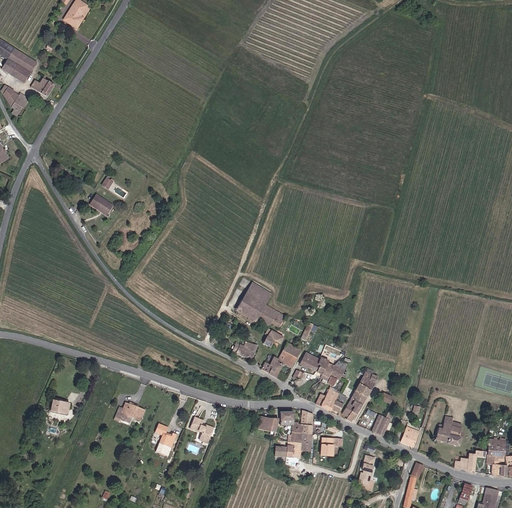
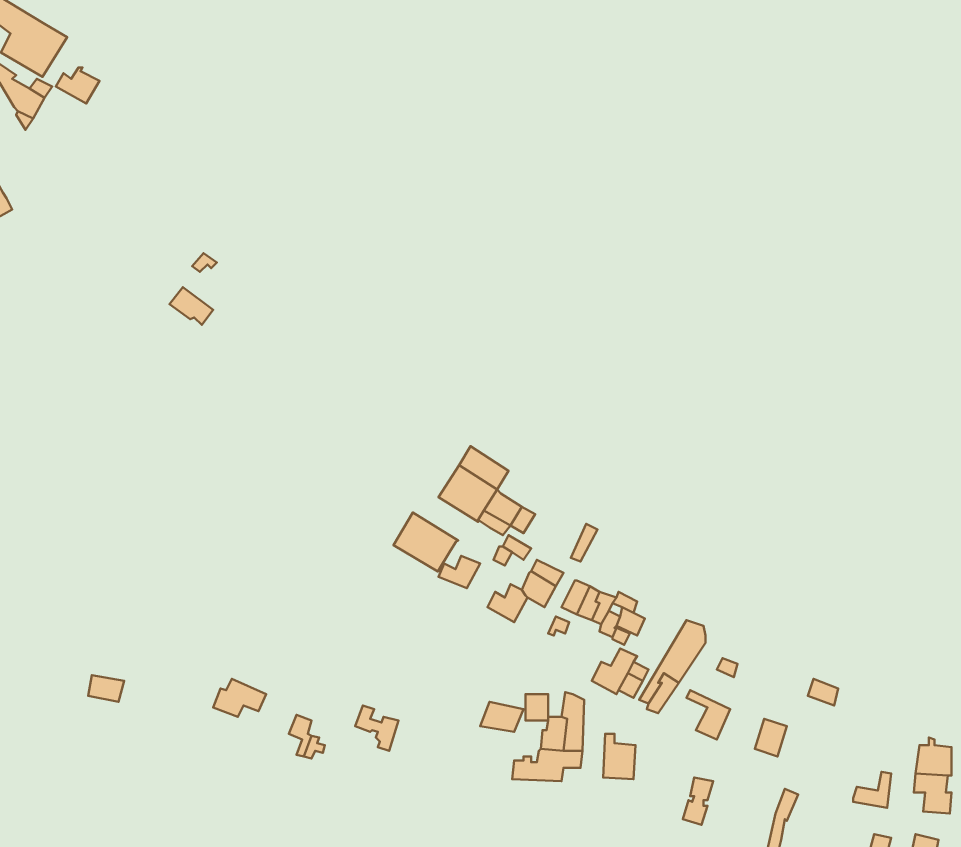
building: none -> [394,513,458,571]
building: [435,413,460,443] -> none

